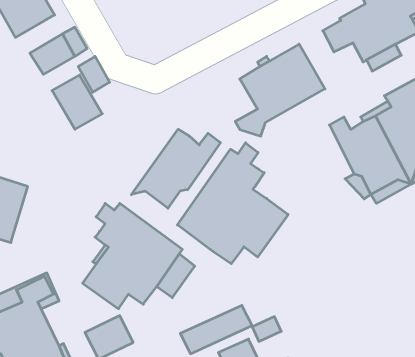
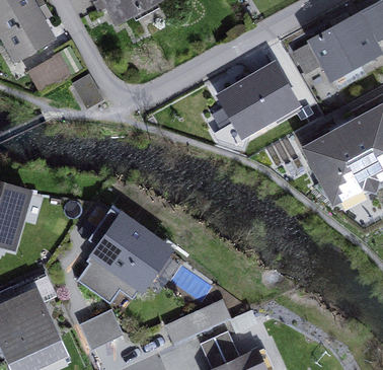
building: [52,75,102,129] -> none
building: [131,129,220,208] -> none
building: [177,143,288,264] -> none

